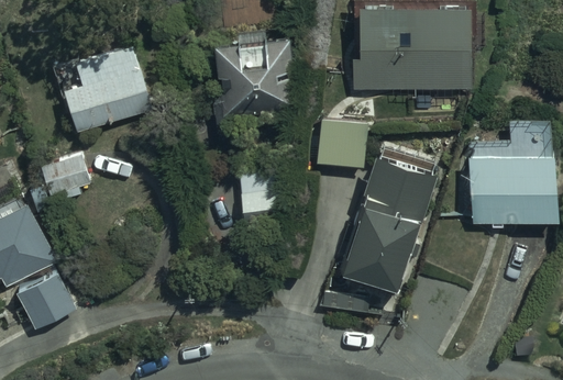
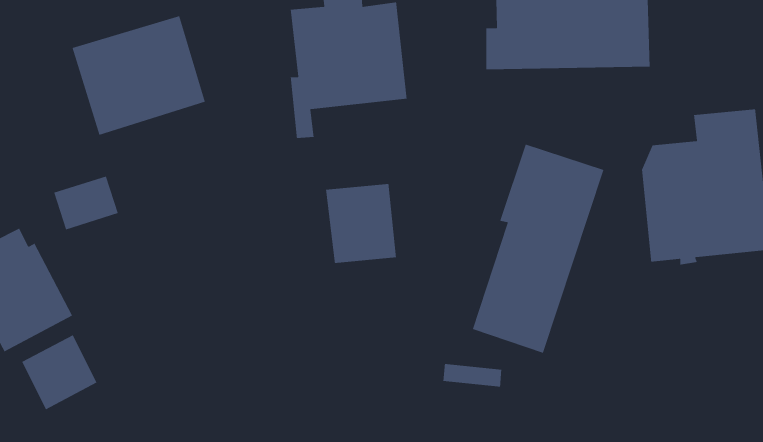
building: [318,118,367,164] -> none

